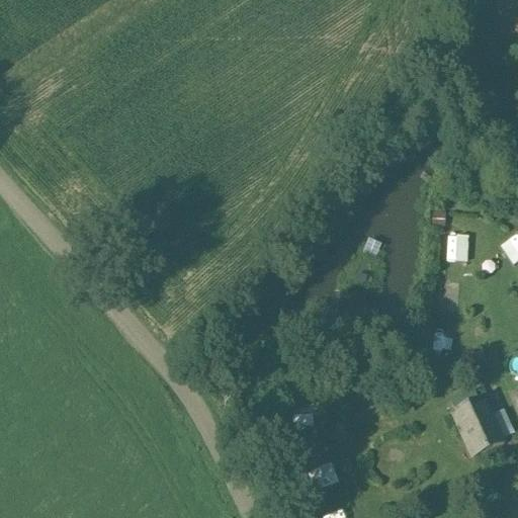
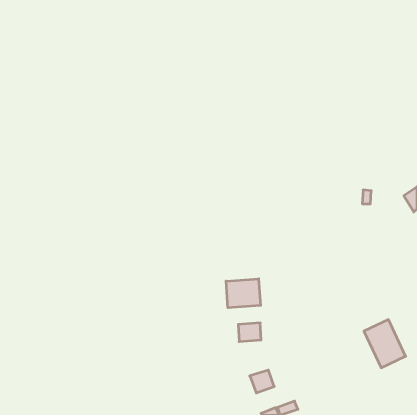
building: none -> [226,279,261,308]

